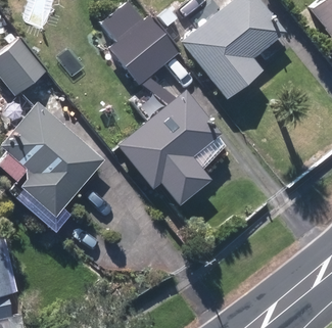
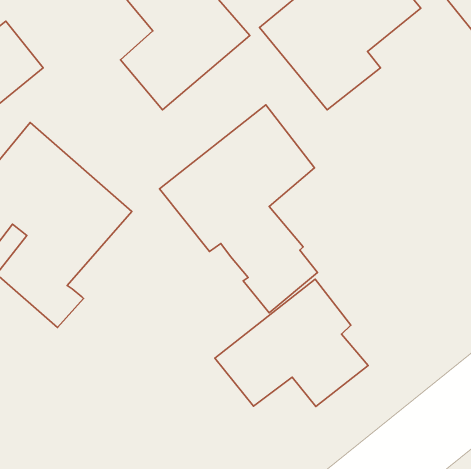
building: none -> [215,279,368,407]

